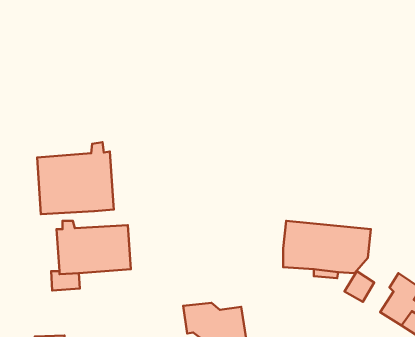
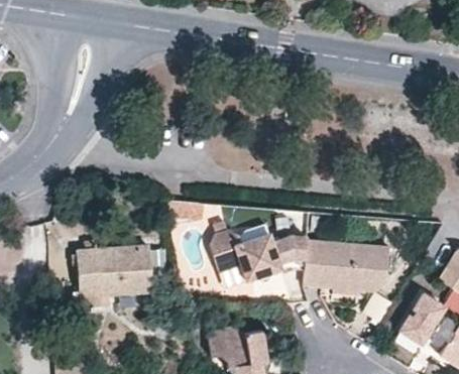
building: [37,142,114,214] -> none
building: none -> [207,229,307,277]

